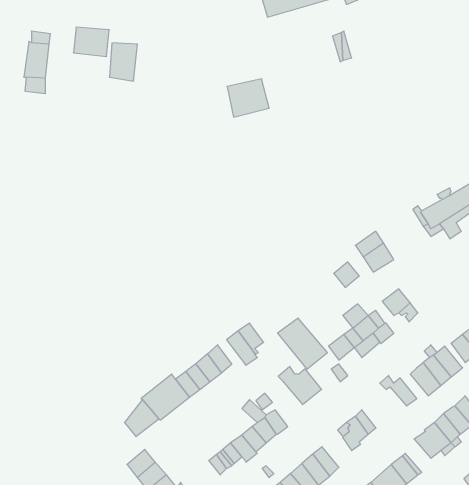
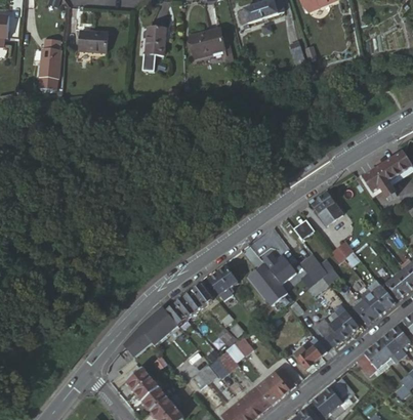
building: [109,43,137,81] -> [142,27,165,57]
building: [227,79,269,117] -> [190,29,223,59]
building: [278,366,322,405] -> [260,252,295,283]
building: none -> [316,316,350,348]

